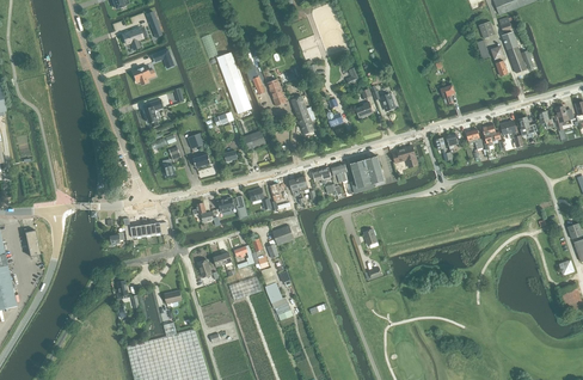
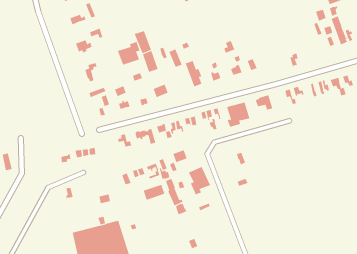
building: none -> [117,41,140,66]
building: none -> [188,166,211,195]

